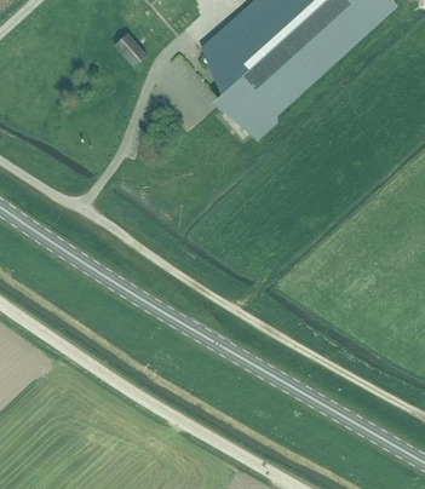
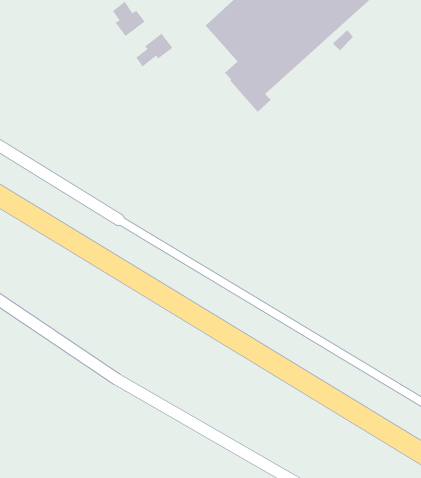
building: none -> [136,33,173,67]

